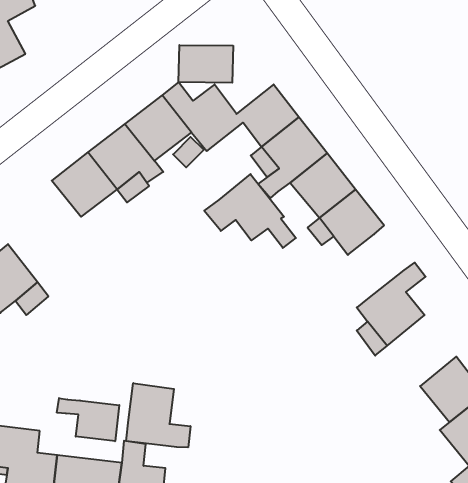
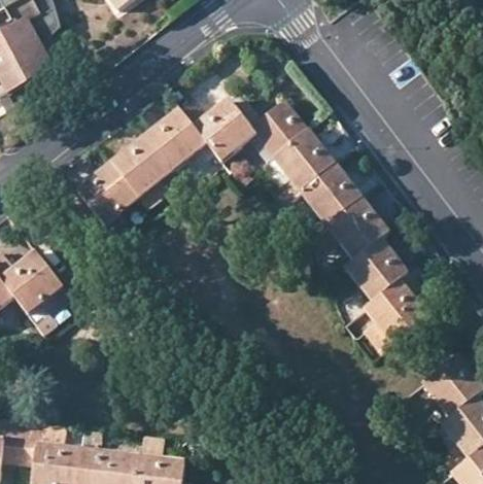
building: [179,45,233,83] -> none
building: [204,174,296,248] -> none
building: none -> [346,239,407,300]
building: [126,383,190,447] -> none
building: [57,398,119,441] -> none

